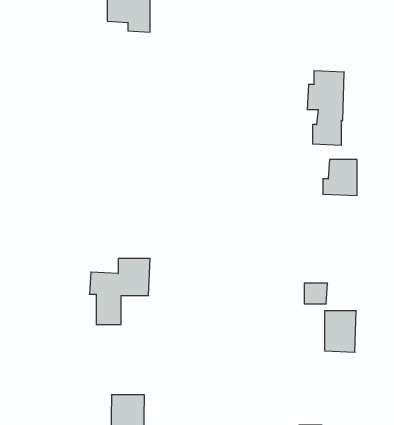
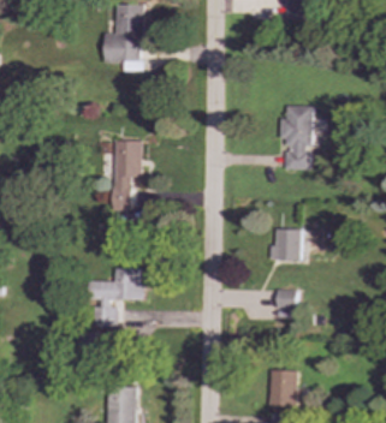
building: none -> [113,139,141,209]
building: [323,160,357,195] -> [271,228,301,260]
building: [325,311,356,352] -> [271,370,298,406]

